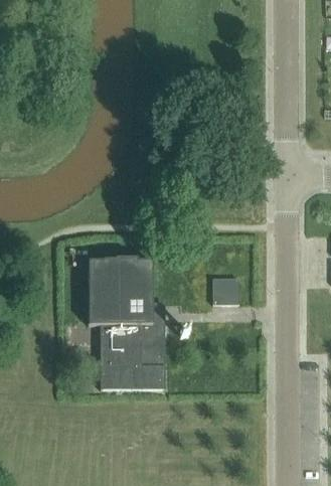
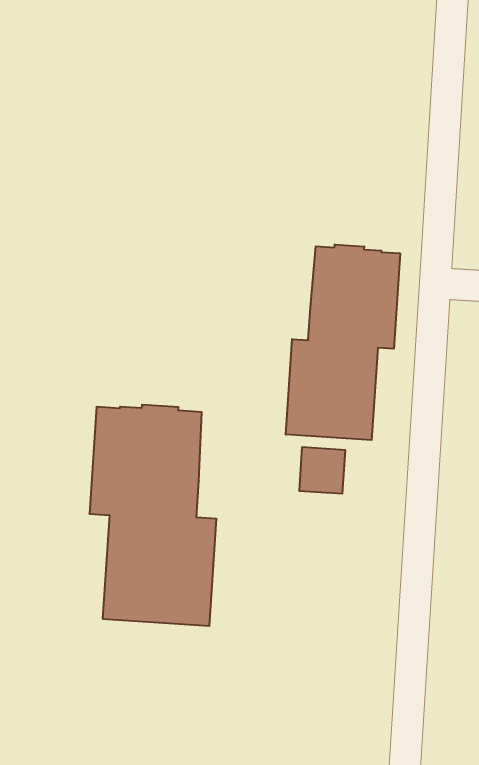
building: none -> [286,244,400,440]

